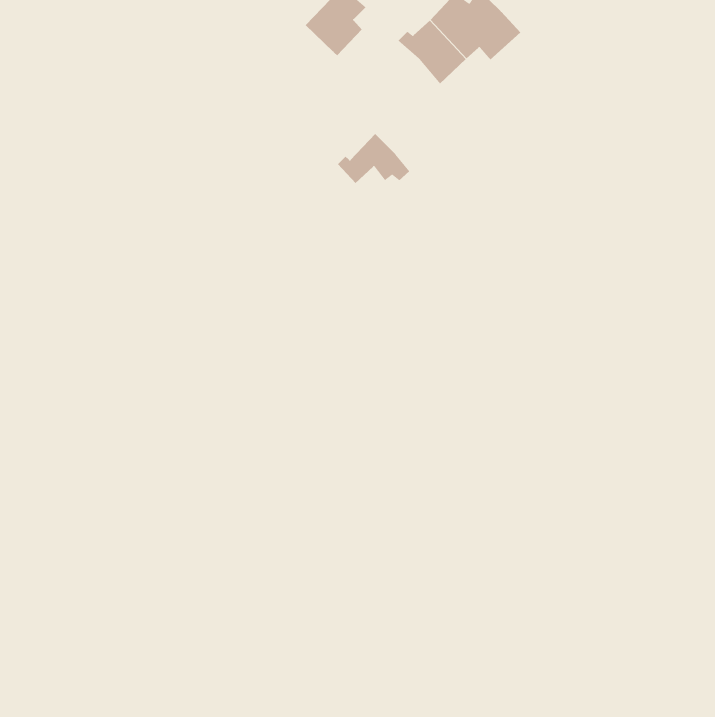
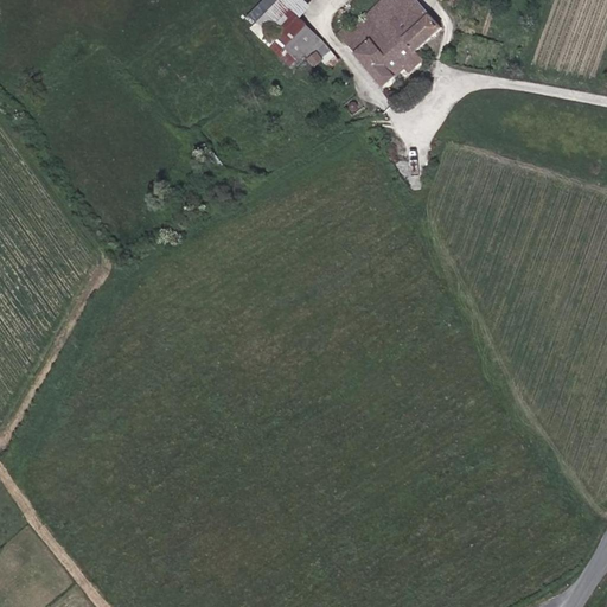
building: none -> [371,40,422,85]
building: [337,133,410,184] -> [274,25,336,68]

